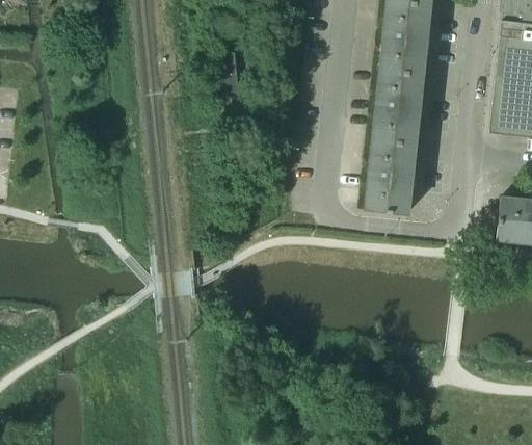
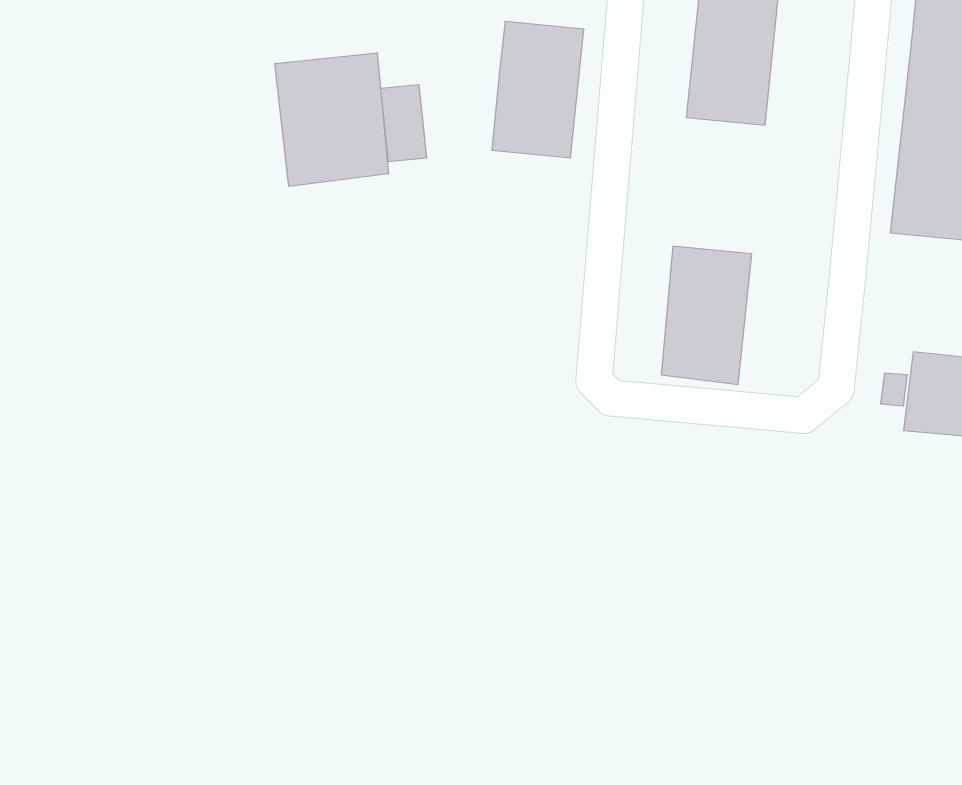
building: none -> [275,53,389,186]
building: [373,69,423,142] -> [492,21,584,158]

